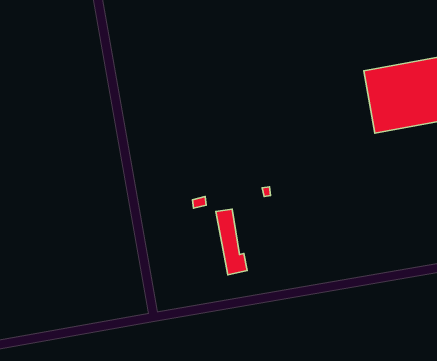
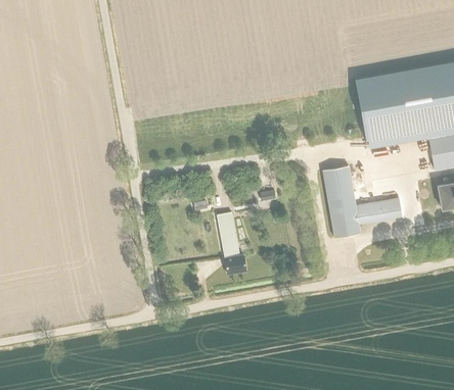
building: none -> [322,165,401,238]

